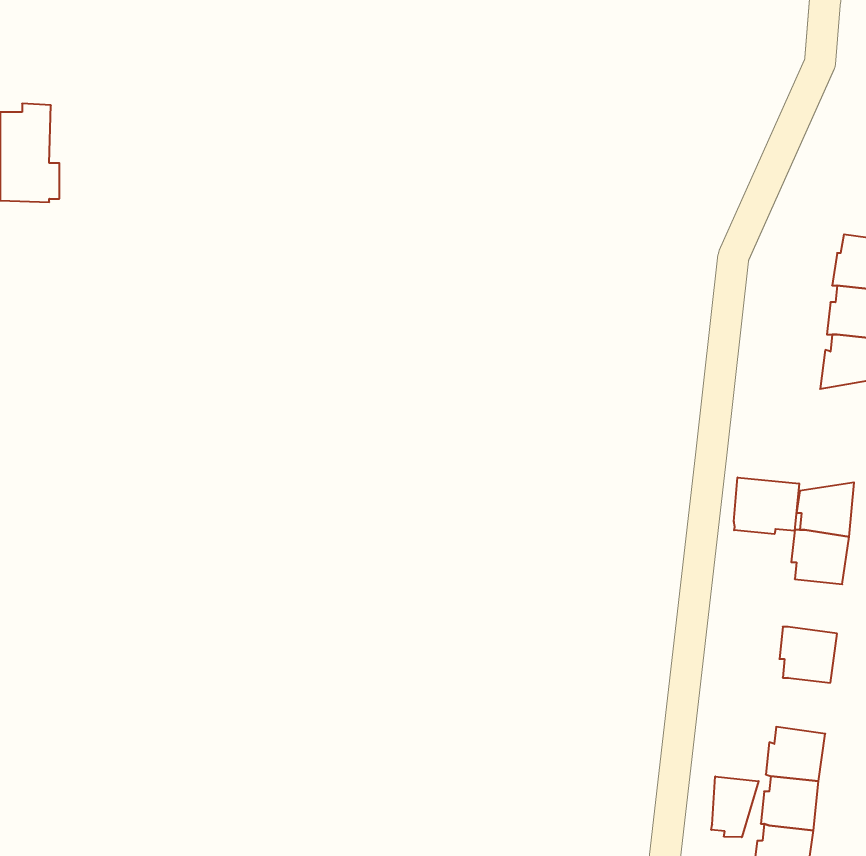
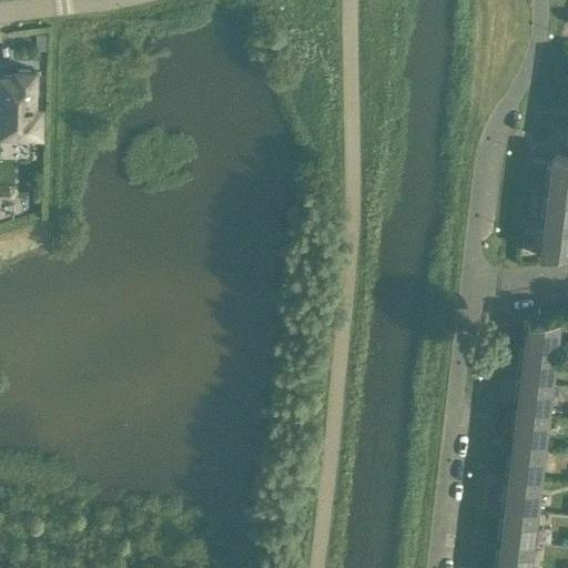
building: [734,477,799,534] -> none
building: none -> [515,385,551,422]
building: none -> [505,450,544,487]
building: [711,776,759,837] -> none

